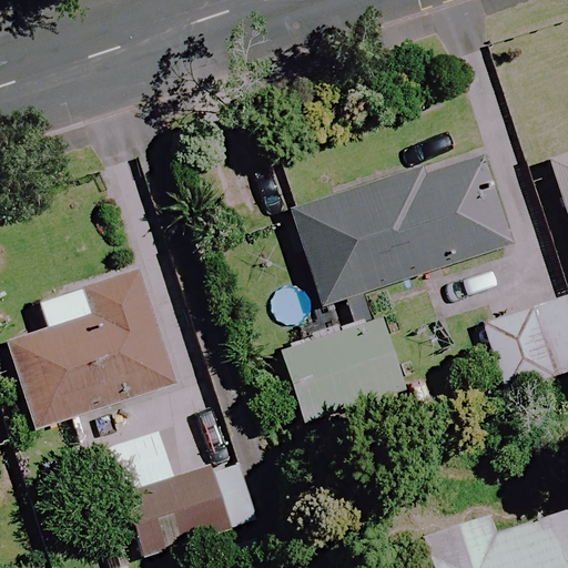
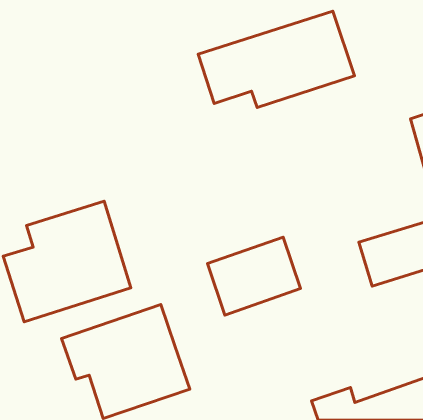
building: none -> [198,11,355,107]
building: [291,150,511,305] -> none

